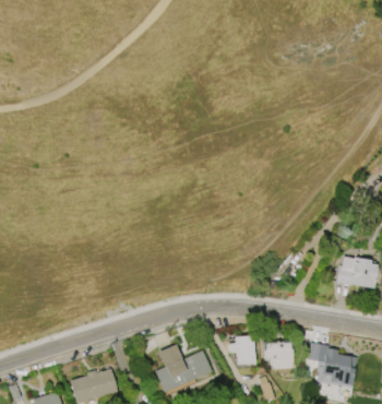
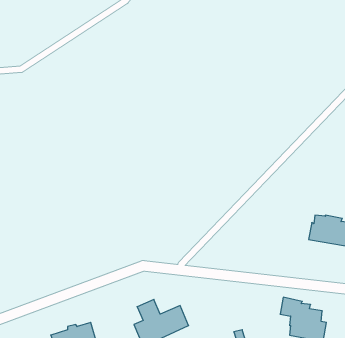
building: [227,336,255,366] -> none
building: [263,341,293,370] -> none

